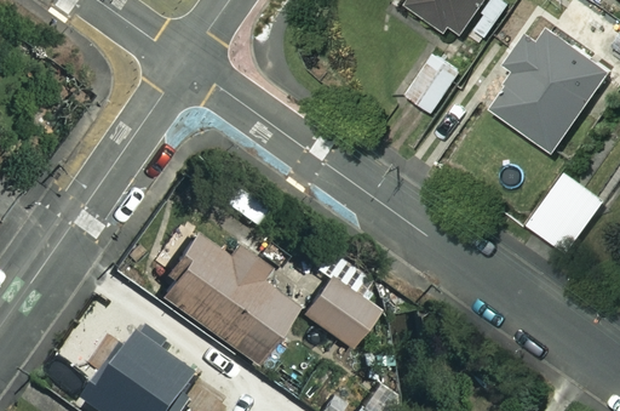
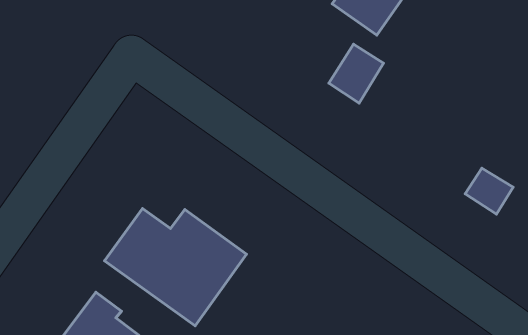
building: [484,21,602,154] -> none
building: [298,272,374,346] -> none

